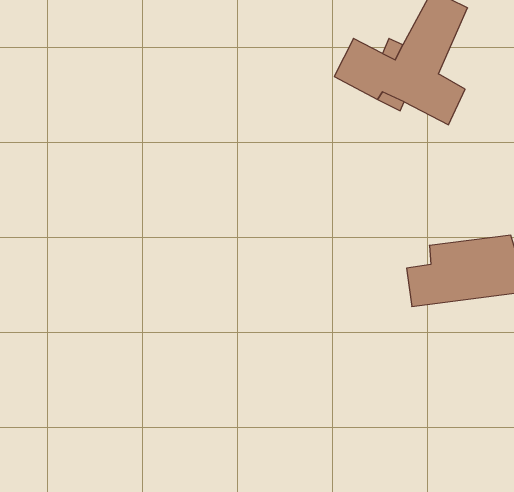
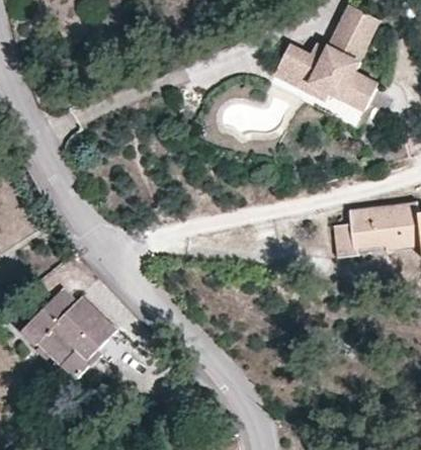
building: none -> [18,296,113,377]

